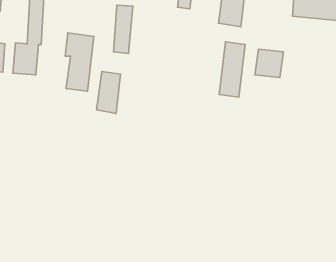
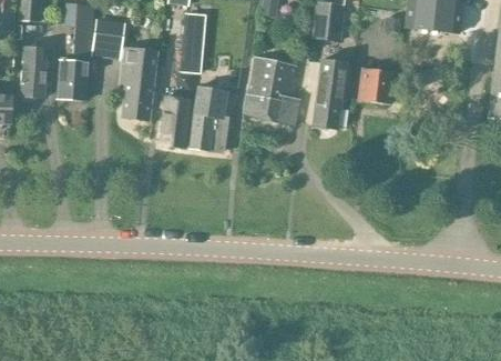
building: none -> [93,24,122,58]
building: none -> [243,56,299,124]
building: none -> [190,86,227,151]

